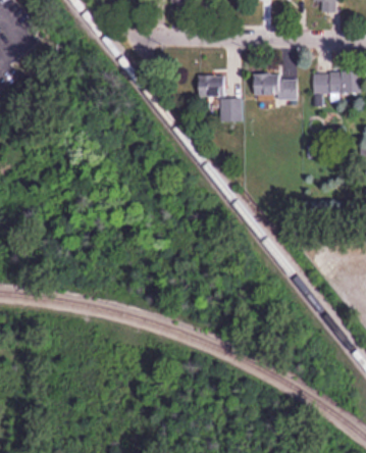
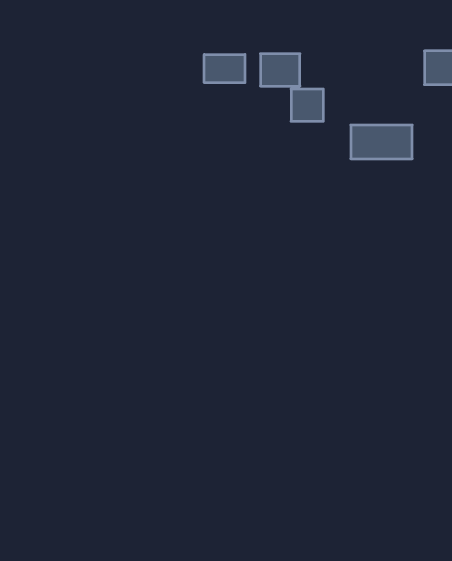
building: [253,73,296,97] -> [351,125,412,159]
building: none -> [204,54,245,83]

